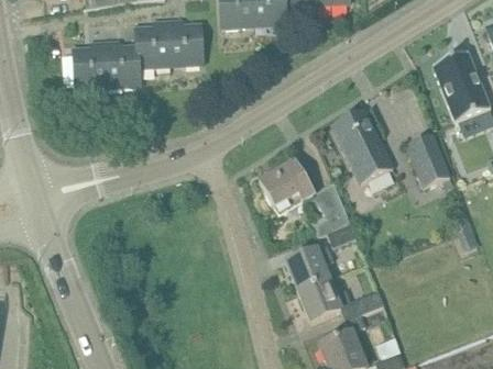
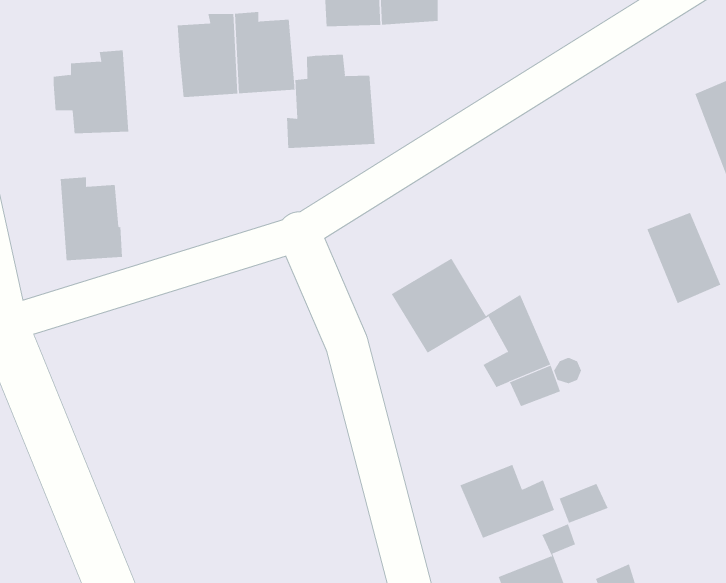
building: [105,40,141,88] -> [60,177,123,261]
building: none -> [286,54,375,149]
building: [331,109,393,184] -> none
building: [286,245,333,291] -> none

